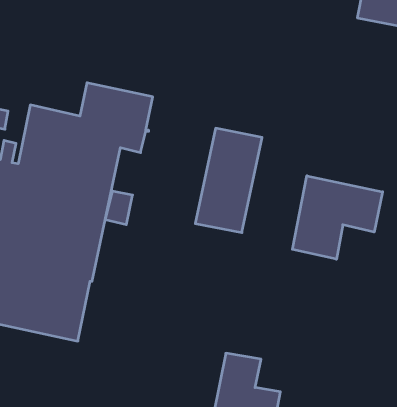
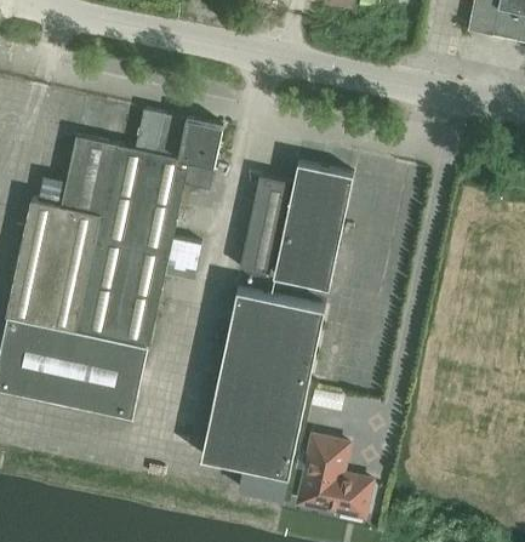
building: none -> [238,177,289,278]
building: [292,176,383,259] -> none
building: none -> [201,291,325,478]

